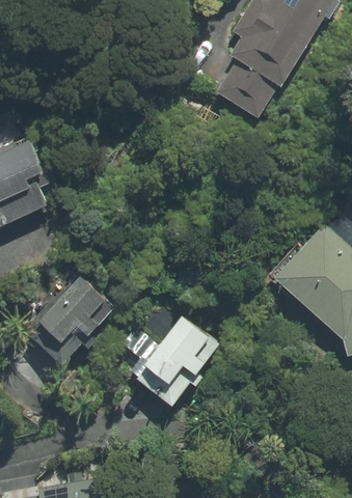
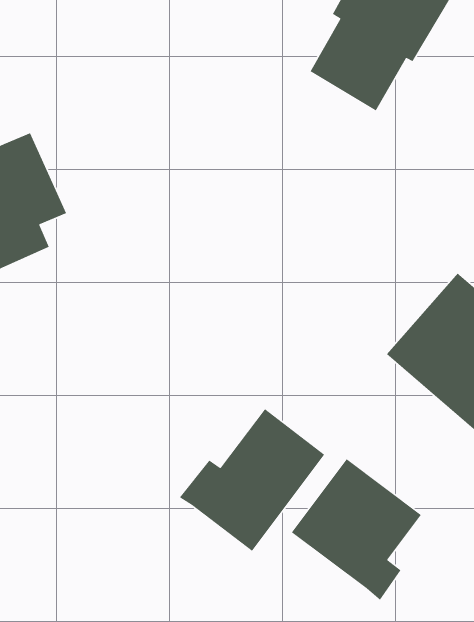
building: [20,266,119,365] -> none
building: none -> [291,458,422,601]

